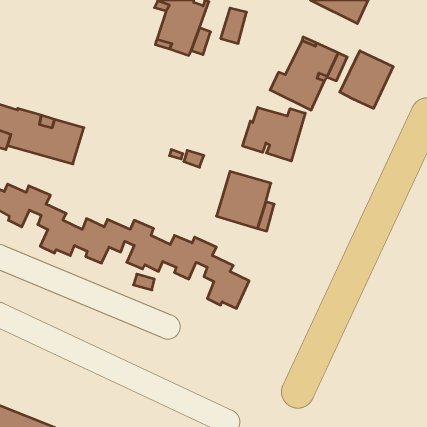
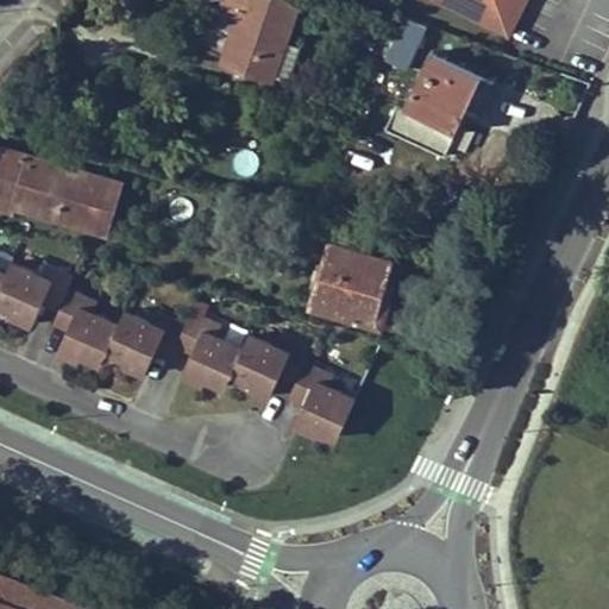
building: [221,8,247,43] -> [384,18,421,68]
building: [340,51,393,108] -> none
building: [243,107,305,161] -> none

